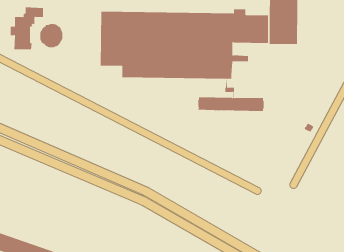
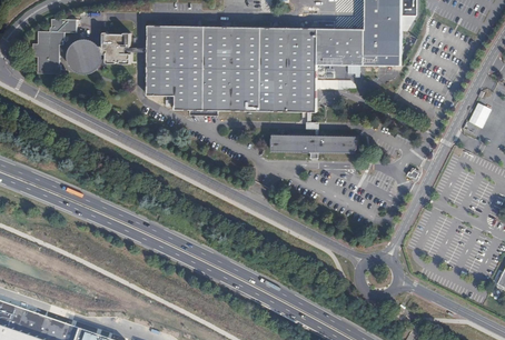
building: none -> [96,32,130,64]

